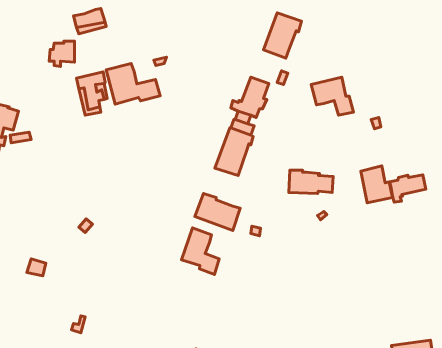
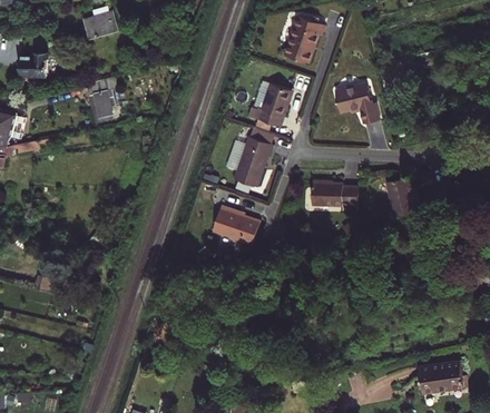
building: [49,41,74,66] -> [19,55,46,81]
building: [106,64,160,104] -> none
building: [390,175,426,202] -> none
building: [182,228,219,274] -> none

